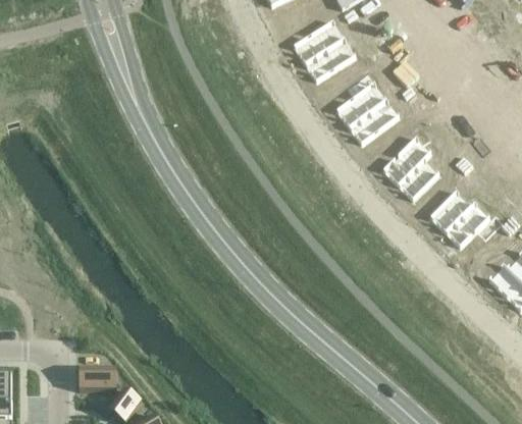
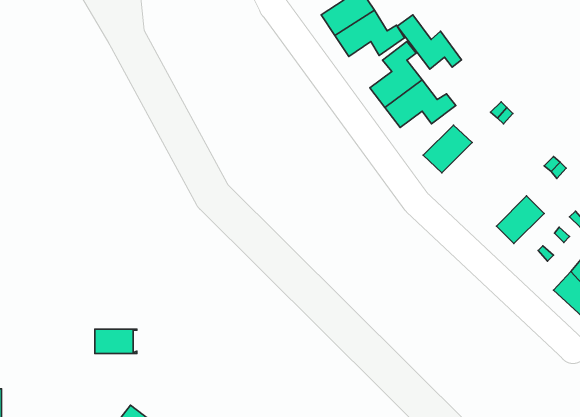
building: none -> [397,15,462,69]
building: [399,157,440,199] -> none
building: [430,189,473,230] -> none
building: [80,368,116,389] -> [95,329,137,354]

